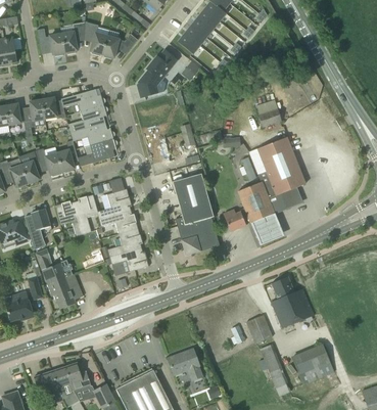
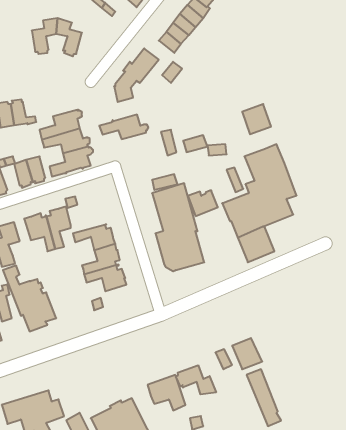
building: [37,29,64,56] -> none
building: [102,34,138,59] -> none
building: [60,89,105,111] -> [99,115,148,139]
building: [97,189,132,219] -> none
building: [223,208,250,231] -> [188,190,218,216]
building: [270,276,314,328] -> none
building: none -> [176,365,216,394]
building: [290,344,334,385] -> none

